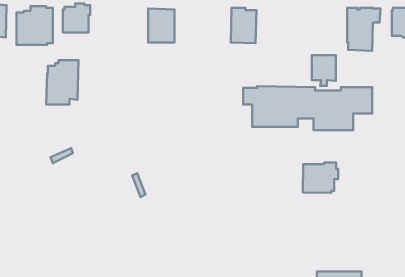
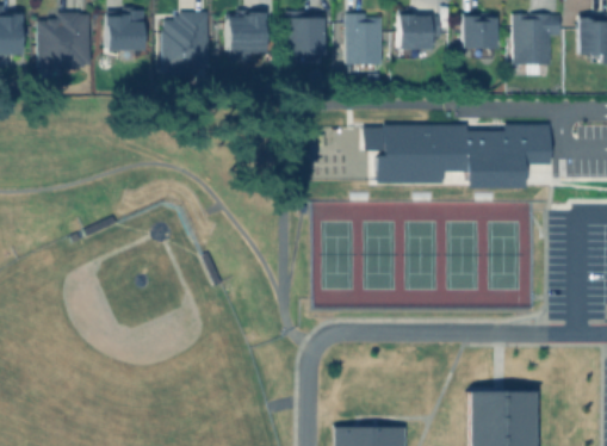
building: none -> [289,8,324,62]
building: none -> [398,12,444,57]
building: [312,55,336,86] -> [463,11,497,55]
building: [46,60,78,105] -> [163,10,210,74]
building: [303,162,338,193] -> none

